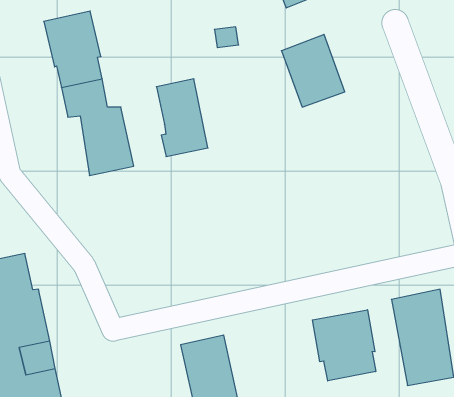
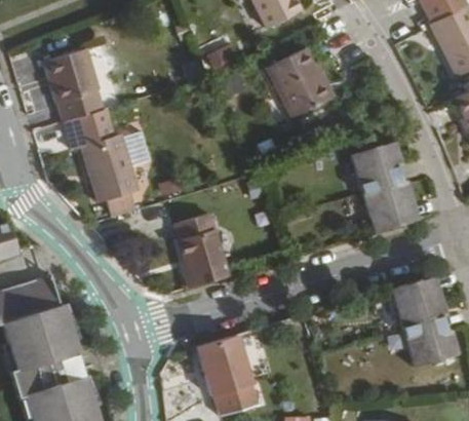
building: [156,79,208,157] -> [175,214,228,288]
building: none -> [353,143,418,232]
building: [312,310,376,381] -> none

